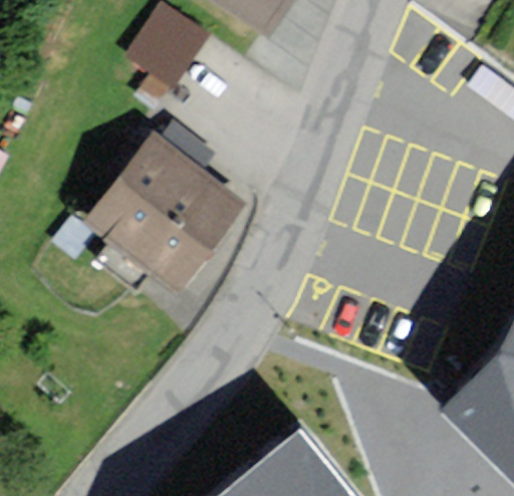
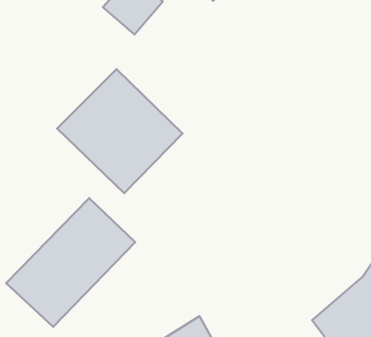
building: none -> [6,198,135,327]

